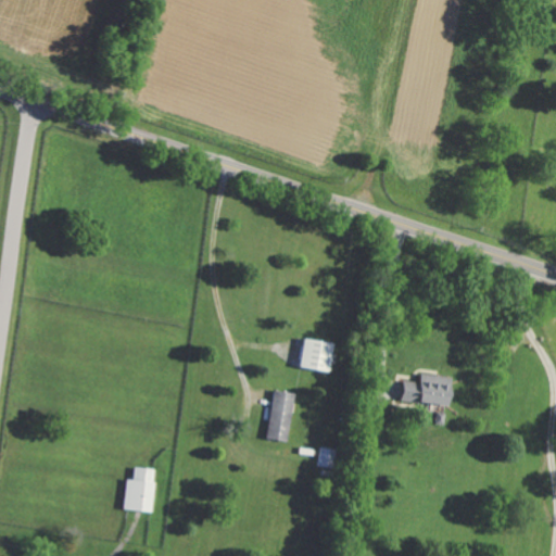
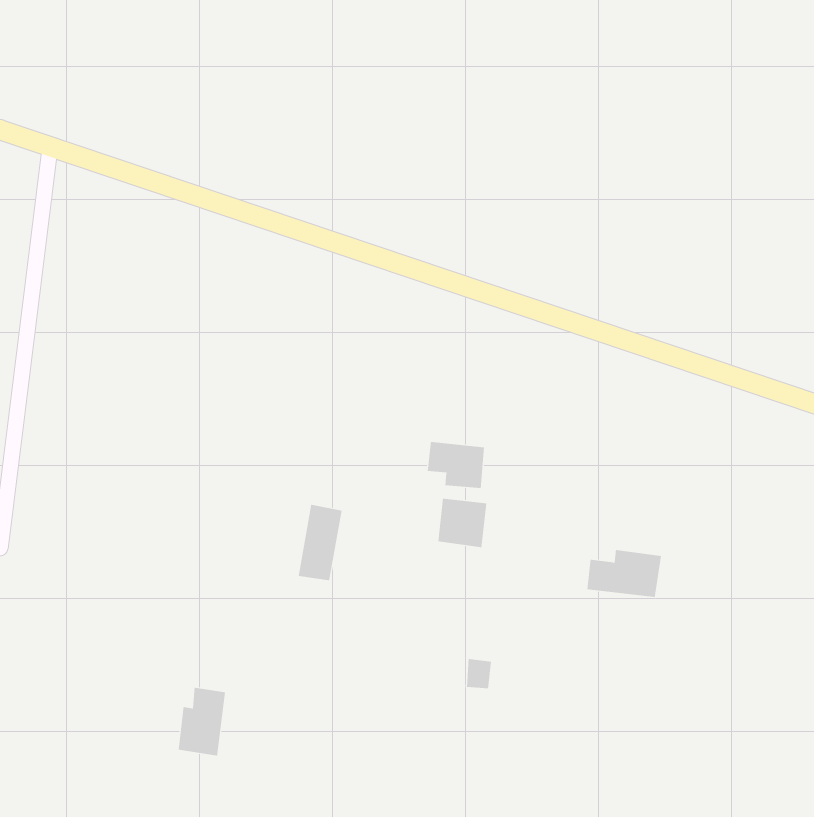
building: none -> [427,441,484,489]
building: [266,389,296,441] -> [298,504,343,581]

